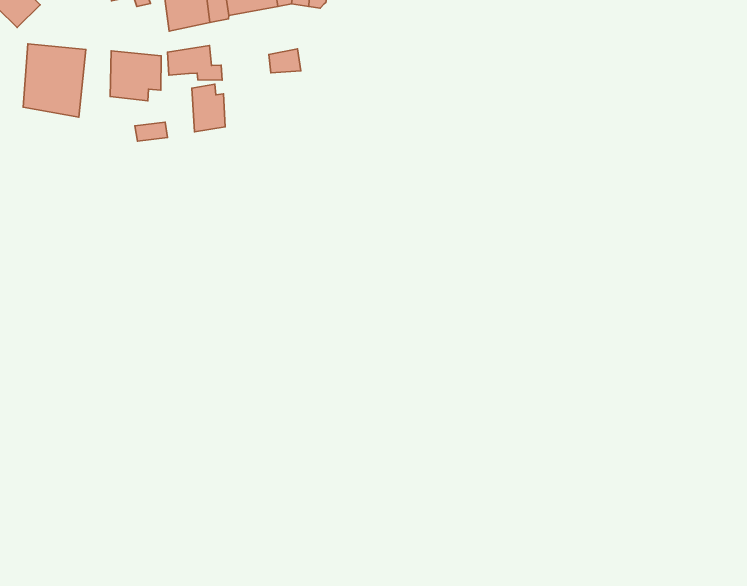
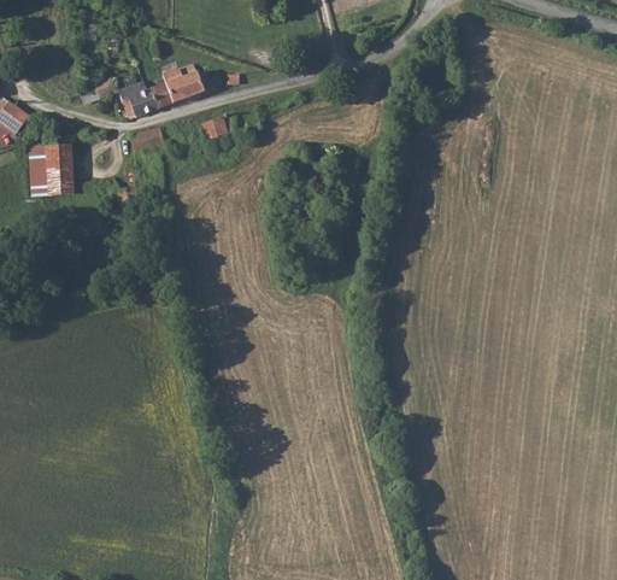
building: [110,51,161,101] -> none
building: [192,84,225,132] -> none

